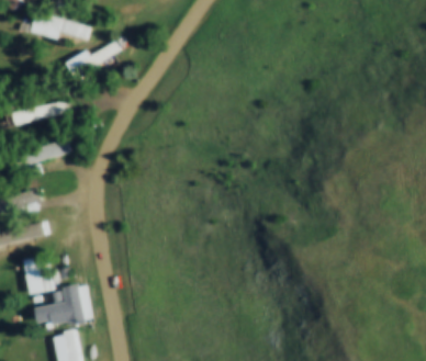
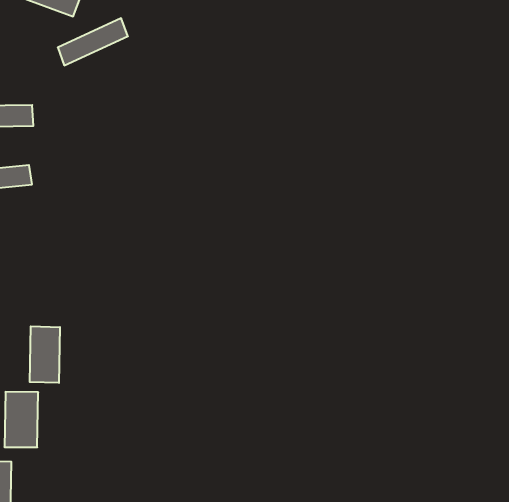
building: none -> [30,326,60,383]

